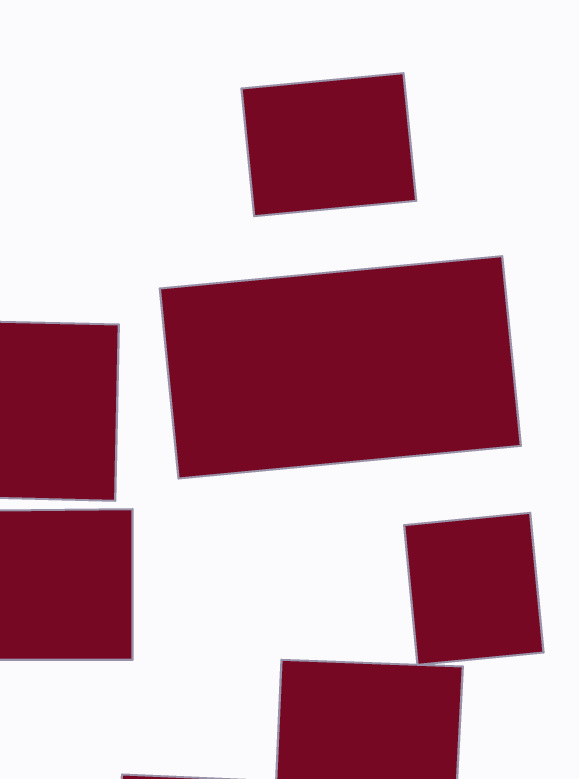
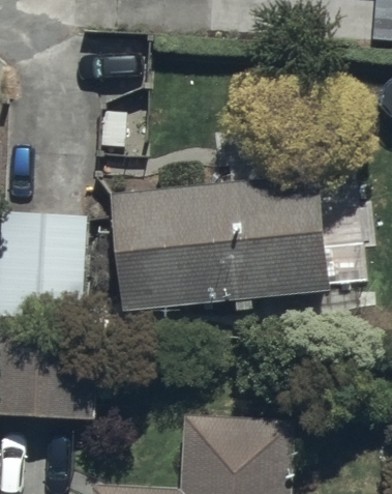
building: [242,73,416,216] -> none
building: [404,513,543,665] -> none

